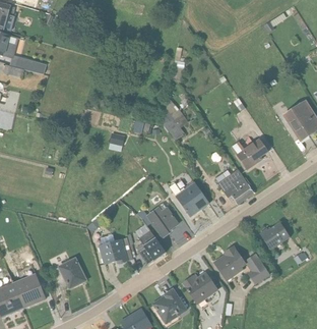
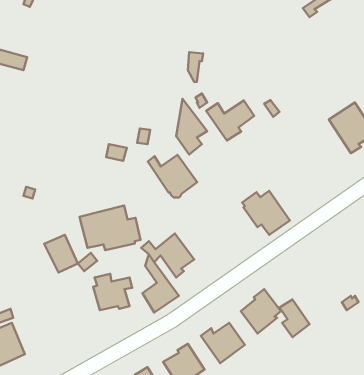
building: [230,139,267,170] -> [206,100,254,141]
building: none -> [79,206,141,250]
building: [170,181,208,215] -> [148,155,197,198]
building: [258,222,291,251] -> none
building: [59,258,85,287] -> [44,235,78,272]

